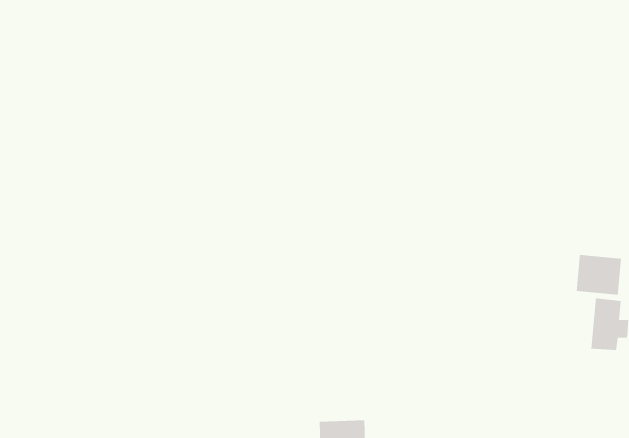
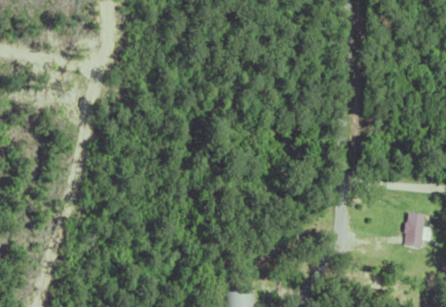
building: [576,254,621,295] -> none

